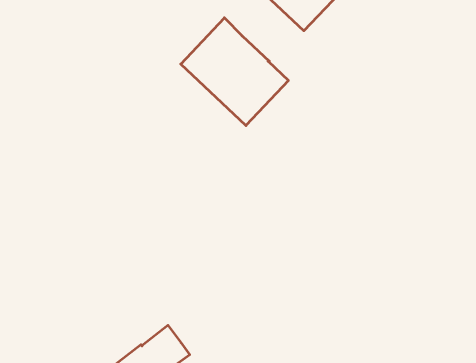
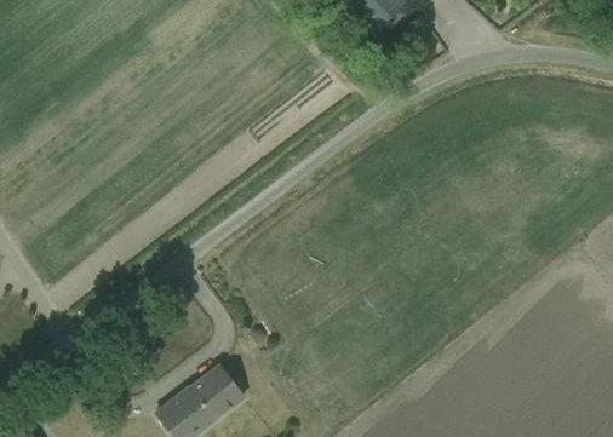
building: [181,18,288,126] -> none

